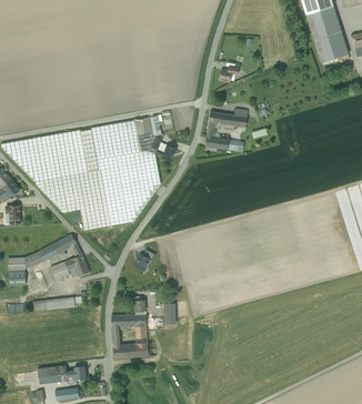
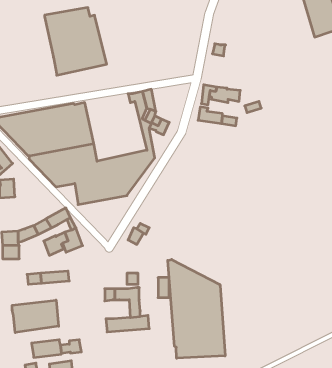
building: [91,119,153,186] -> [45,8,107,75]
building: none -> [168,259,225,358]
building: none -> [12,300,59,333]

